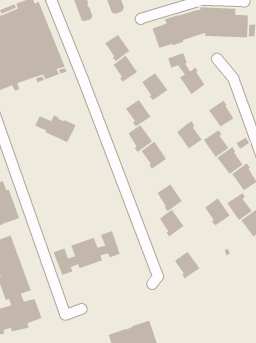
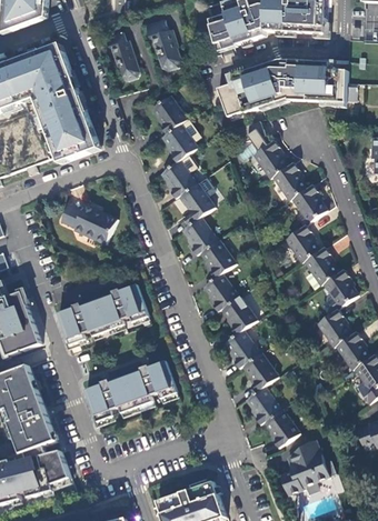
building: [141,72,169,101] -> [161,159,198,198]
building: [176,120,203,150] -> [272,160,308,200]
building: none -> [205,273,240,312]
building: none -> [56,282,147,343]
building: [204,197,231,226] -> [243,352,279,391]
building: none -> [263,409,299,448]
building: none -> [280,440,329,495]

